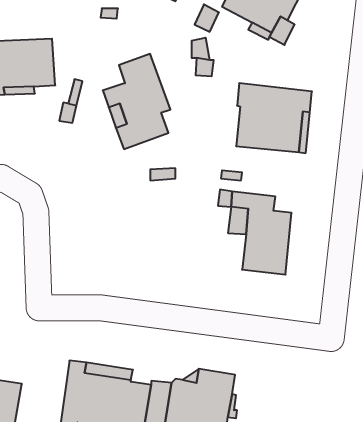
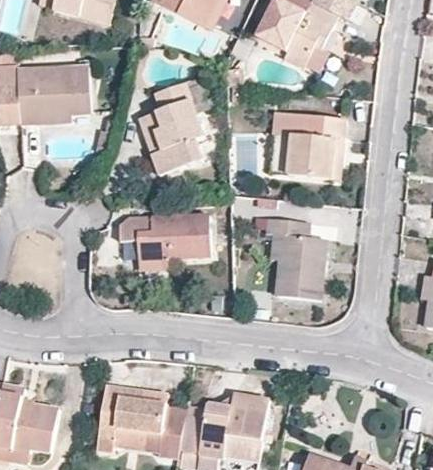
building: none -> [119,215,210,271]

